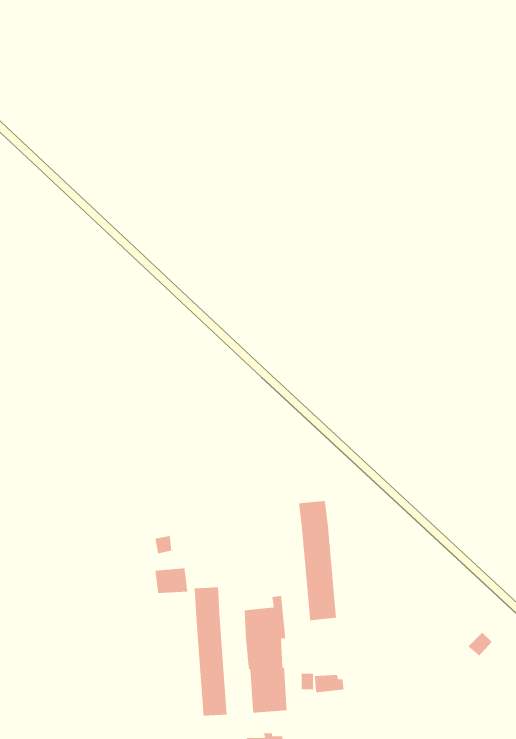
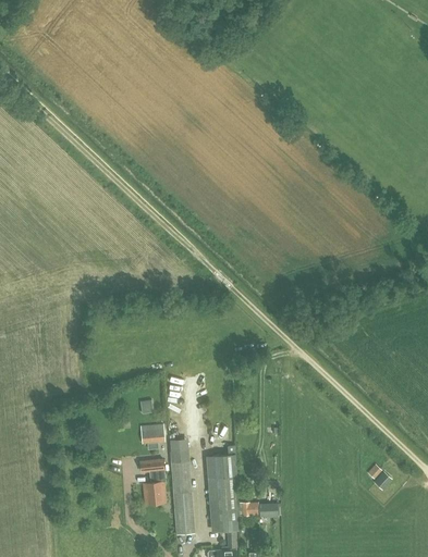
building: [298,500,337,621] -> none
building: none -> [139,459,166,505]

